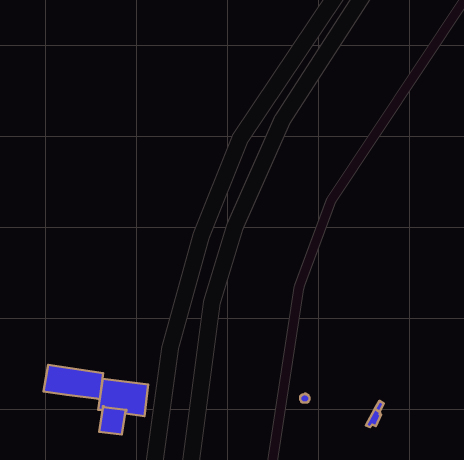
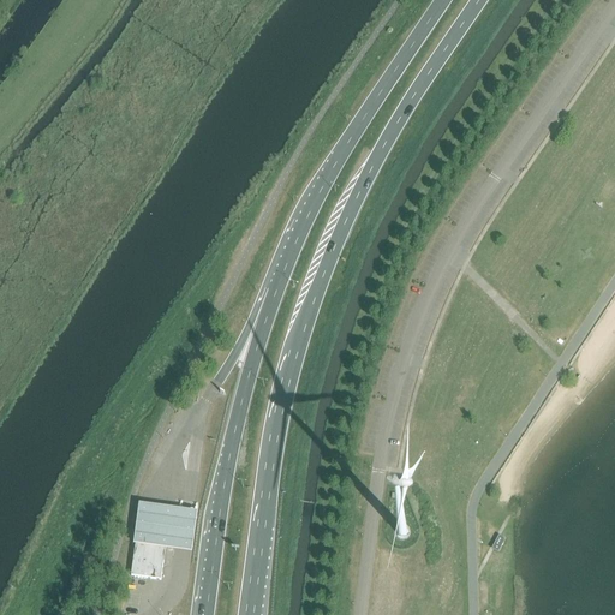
building: [44,365,103,399] -> none

